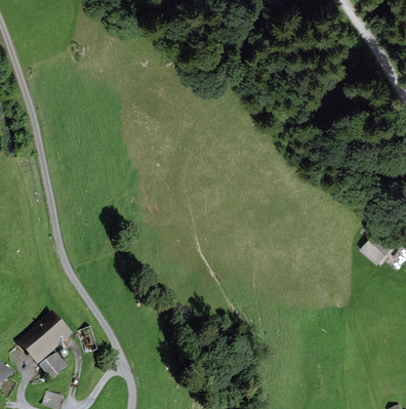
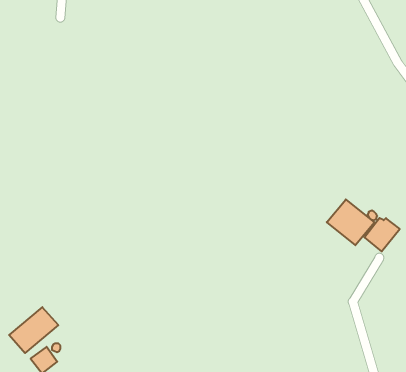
building: none -> [327,199,374,245]

